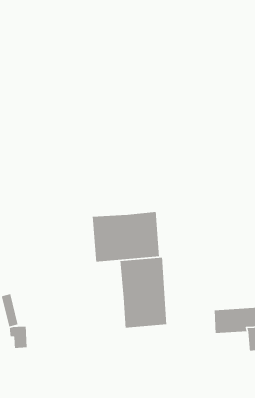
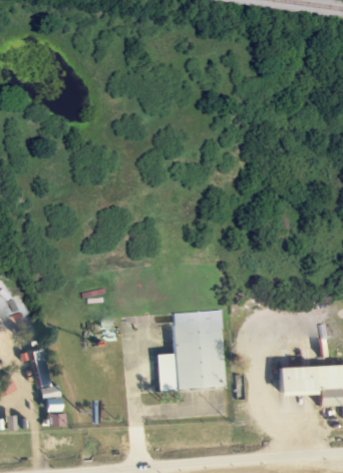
building: [92,211,160,263] -> none
building: none -> [156,355,176,391]

